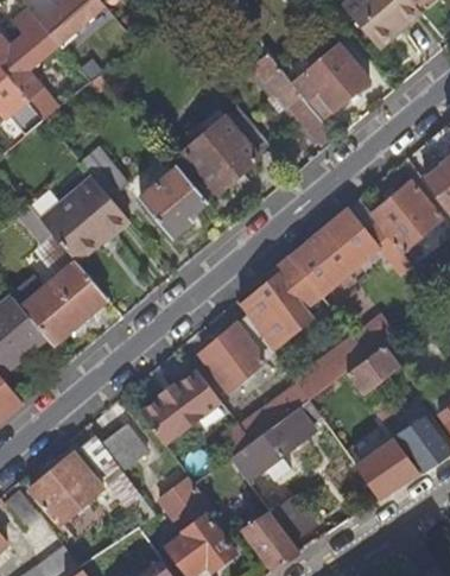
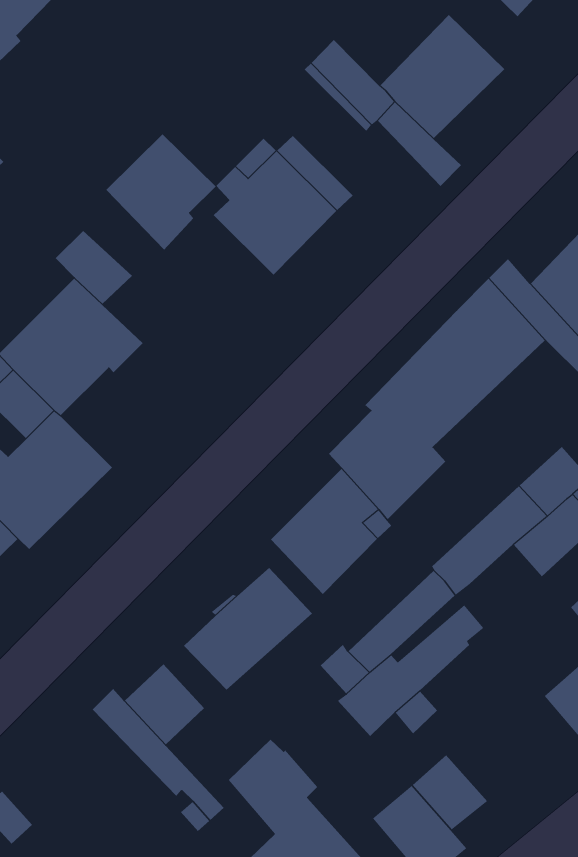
building: [139,166,207,238] -> [105,133,216,250]
building: [31,452,102,524] -> none

